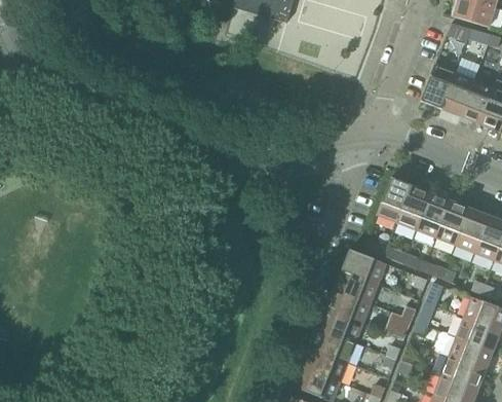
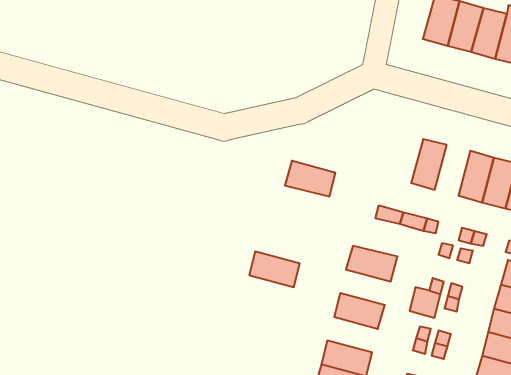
building: [377,177,412,221] -> none
building: [417,192,451,236] -> none
building: [342,249,386,283] -> [285,161,335,196]
building: [326,289,371,323] -> [249,252,300,287]
building: [311,328,355,362] -> none

